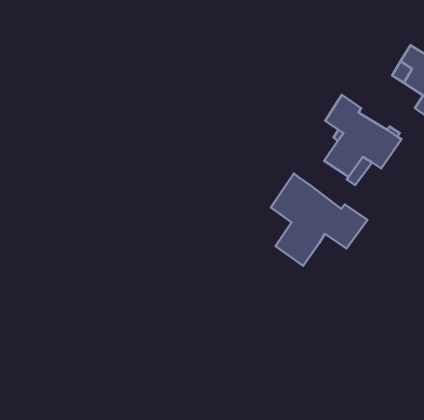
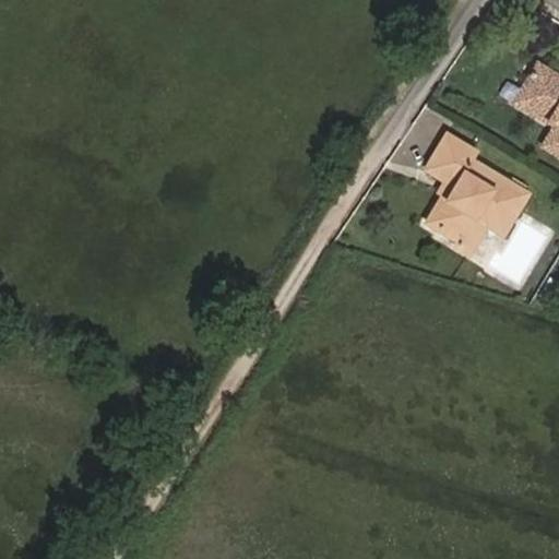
building: [271,174,367,266] -> none

